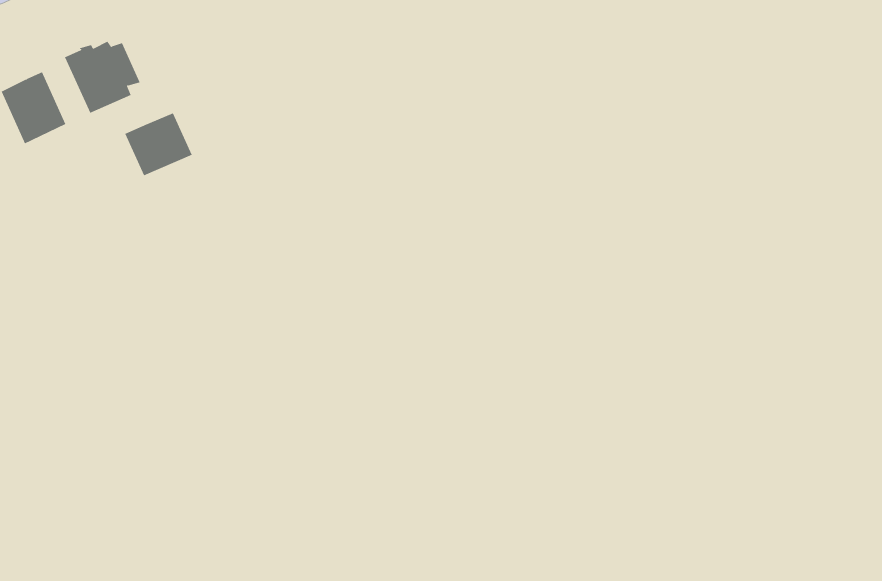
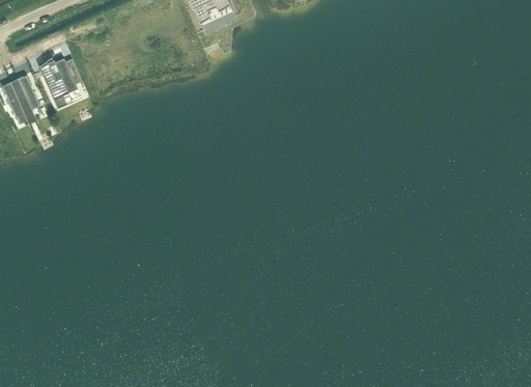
building: [125,113,193,176] -> none

